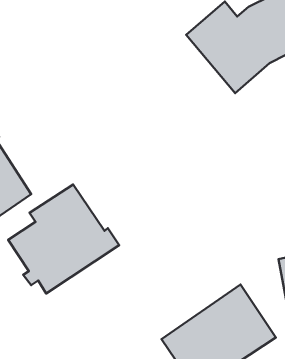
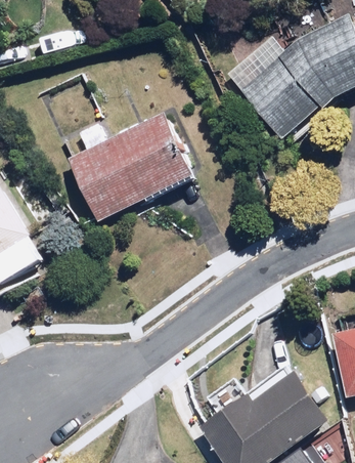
building: none -> [68,111,197,222]
building: [8,184,119,294] -> none

